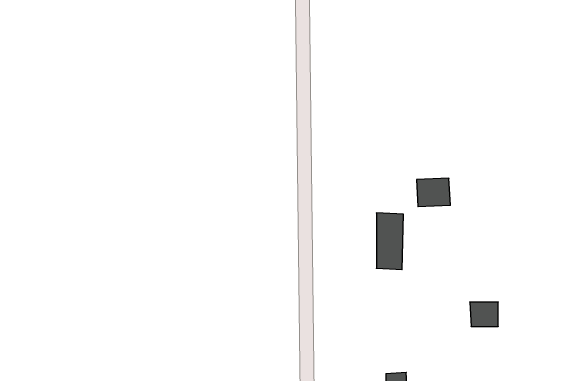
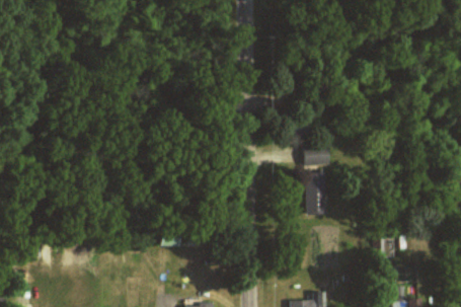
building: [417,178,450,207] -> [304,146,329,167]

